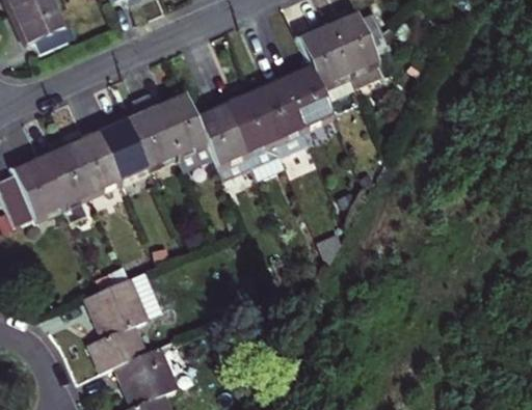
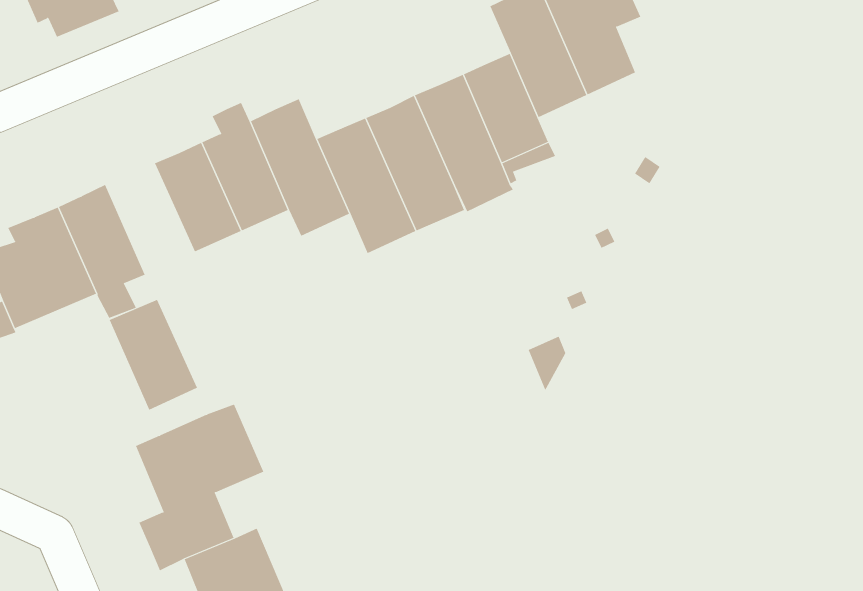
building: [68,130,121,196] -> [109,299,198,411]

